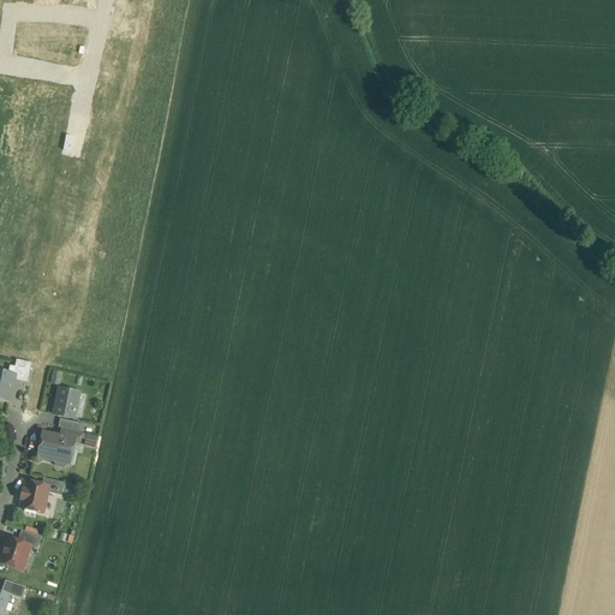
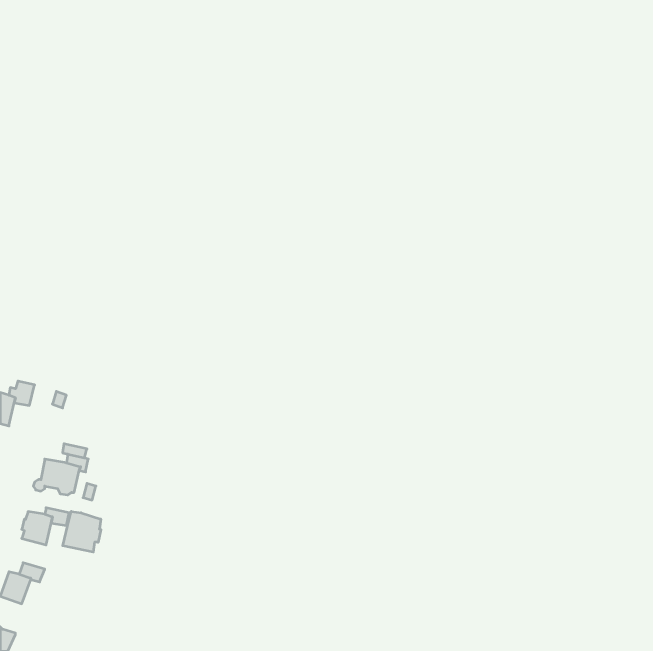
building: [54,387,79,417] -> none
building: none -> [63,511,101,552]

